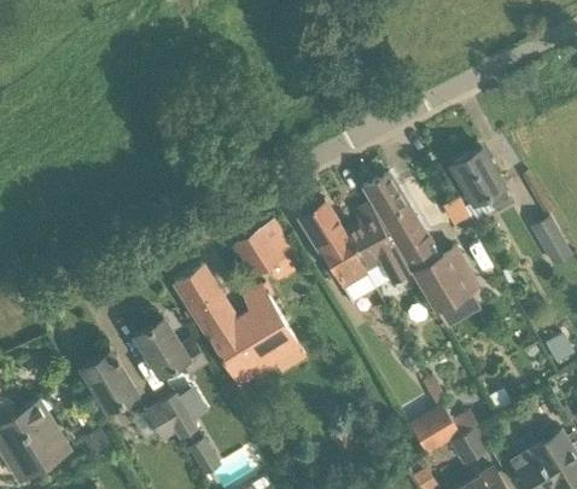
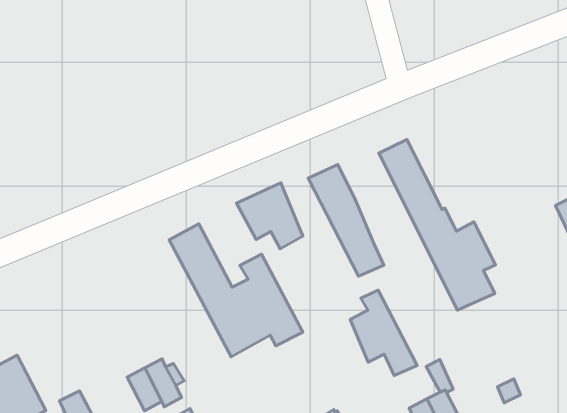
building: [450,150,512,223] -> none
building: [345,205,410,284] -> [350,290,417,376]
building: [133,319,208,378] -> none
building: [80,351,135,413] -> none

